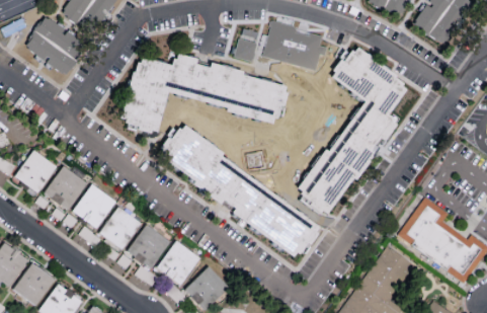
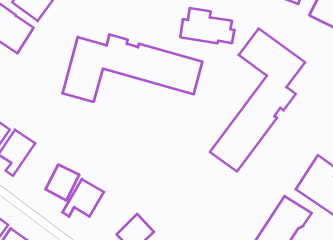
building: [231,37,257,60] -> none
building: [158,126,322,257] -> none
building: [72,183,115,228] -> none
building: [156,240,200,286] -> none

